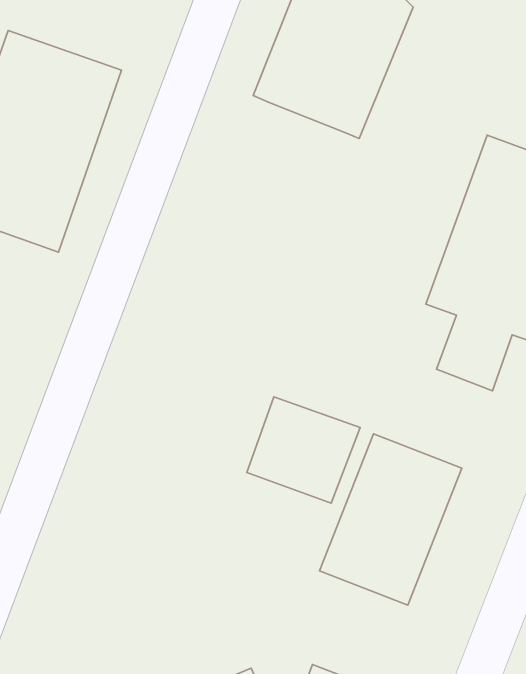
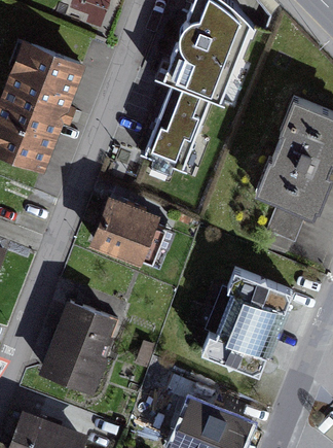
building: none -> [140,82,214,174]
building: [247,397,360,503] -> [92,203,157,264]
building: none -> [44,305,116,388]

